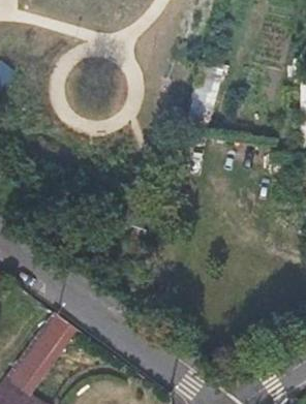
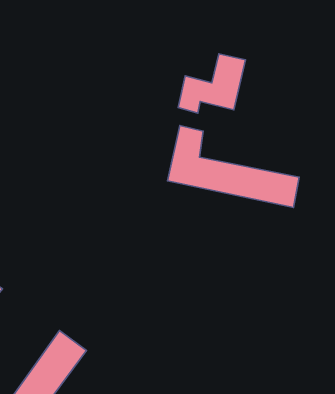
building: none -> [168,126,299,207]

